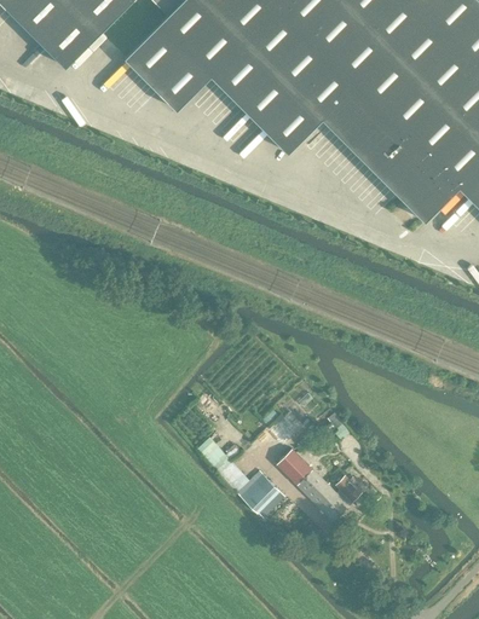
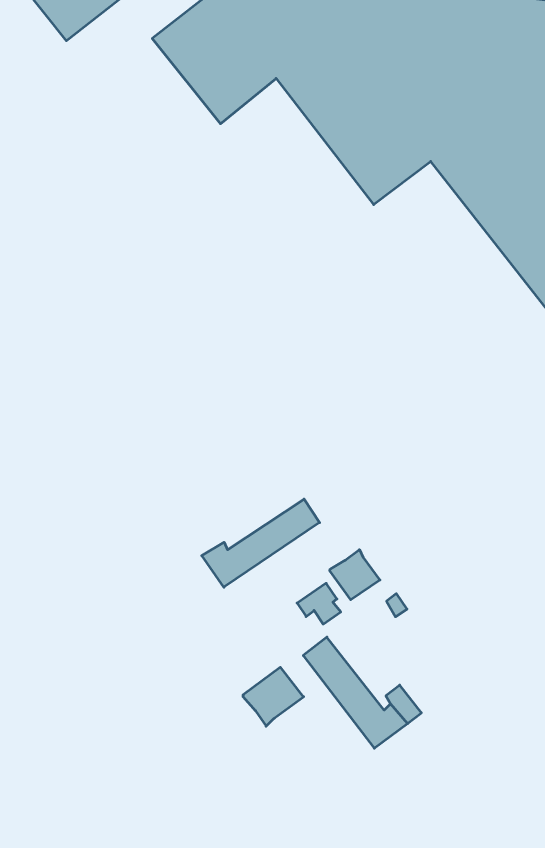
building: none -> [202,499,320,587]
building: none -> [330,550,380,600]

